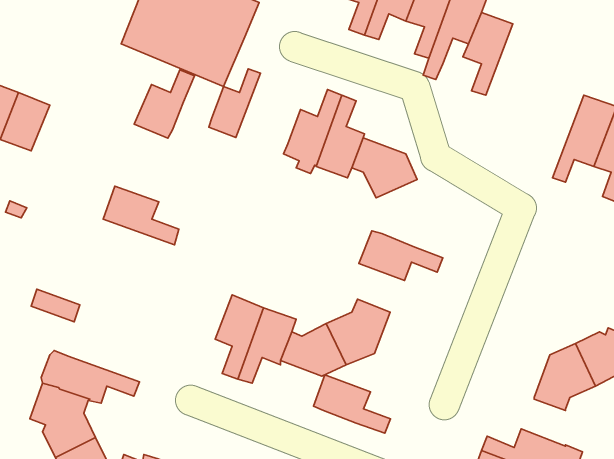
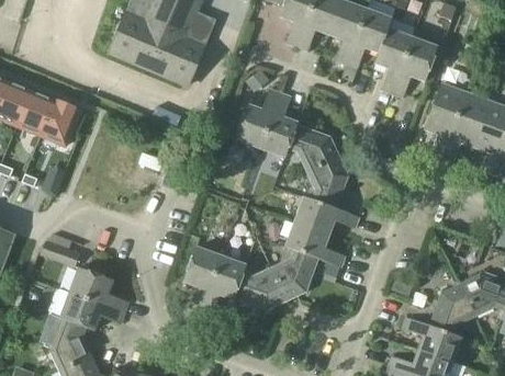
building: none -> [391,37,438,96]
building: [209,69,261,138] -> none
building: [134,70,195,138] -> none
building: none -> [425,82,467,156]
building: none -> [41,100,79,146]
building: none -> [306,157,347,208]
building: [103,186,179,245] -> [69,267,127,312]
building: [314,375,390,433] -> [284,221,344,266]
building: none -> [402,317,461,362]

